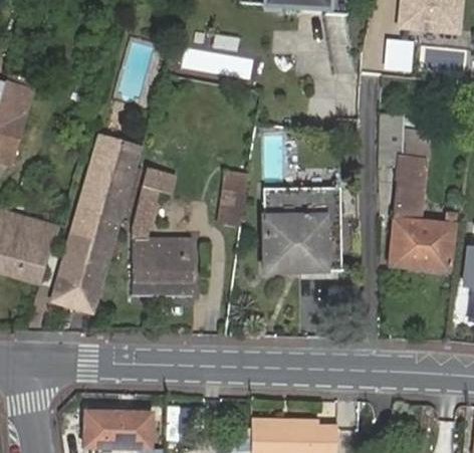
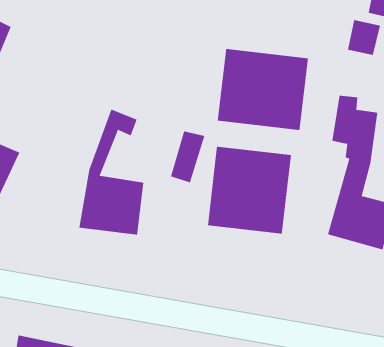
building: none -> [217,48,309,131]
building: [53,134,144,310] -> none

